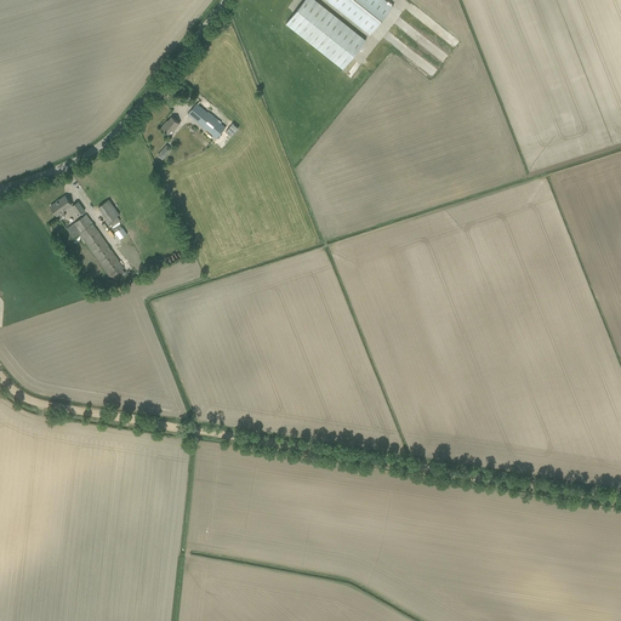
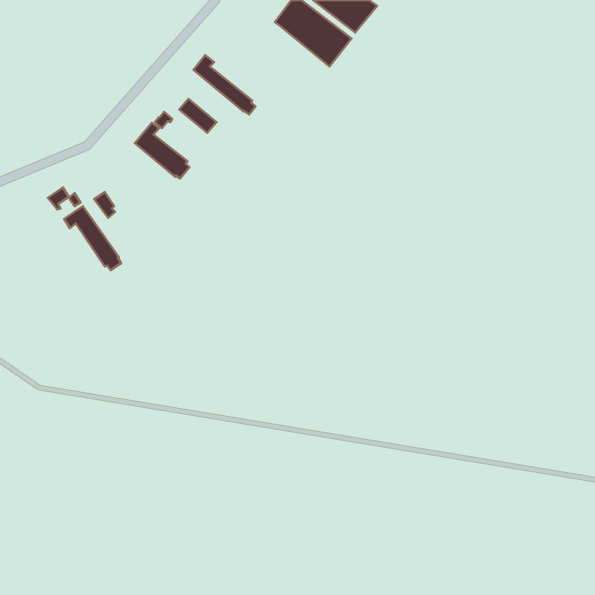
building: none -> [193,55,256,115]
building: none -> [135,123,189,179]

